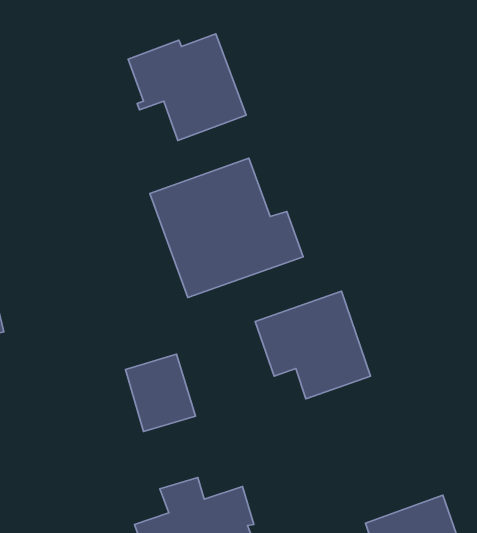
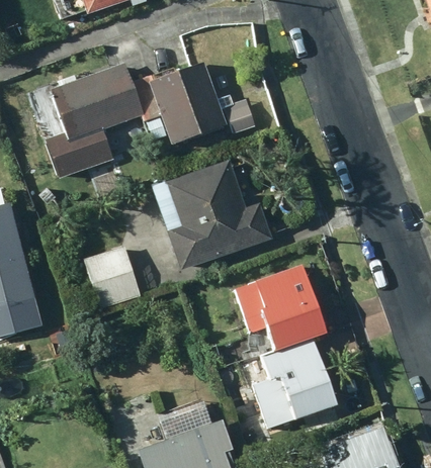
building: none -> [44,62,146,180]
building: [126,354,195,431] -> [84,246,140,307]
building: none -> [253,340,338,428]

